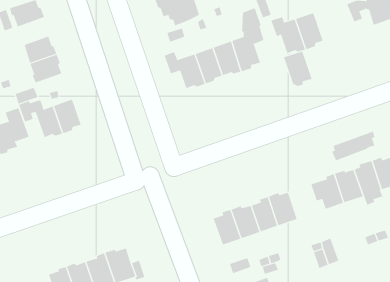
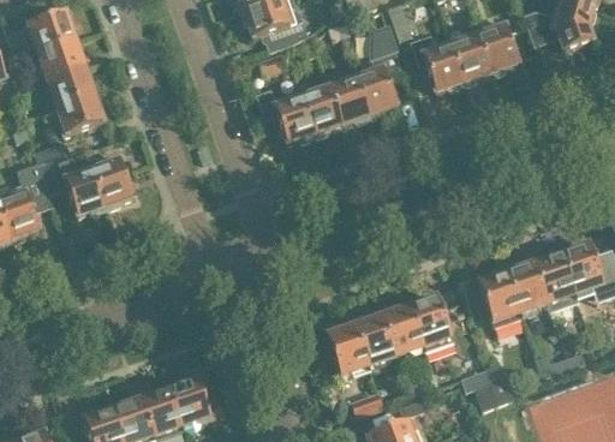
building: none -> [38,38,85,79]
building: [283,51,313,87] -> [476,22,519,74]
building: [332,131,375,161] -> none

